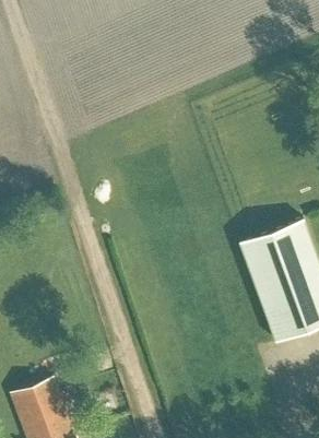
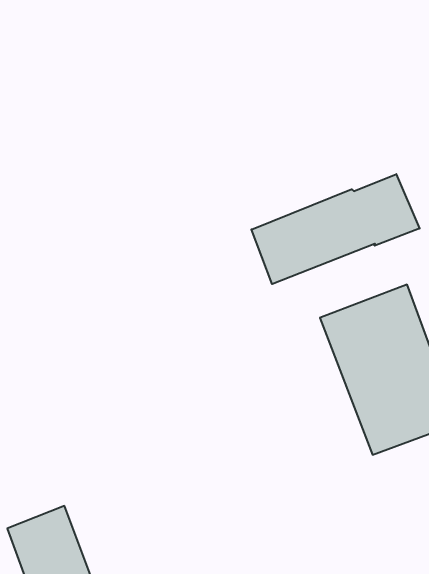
building: none -> [251,174,420,284]

